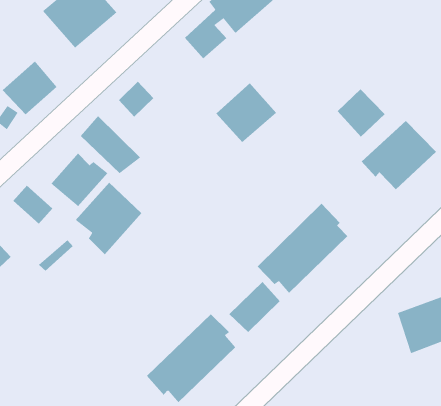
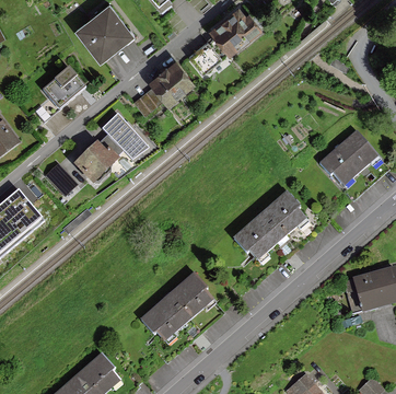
building: [216,82,277,143] -> [145,58,194,105]
building: [337,89,386,137] -> none
building: [75,182,142,255] -> none
building: [228,281,281,333] -> none

